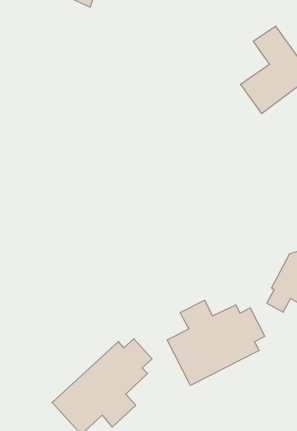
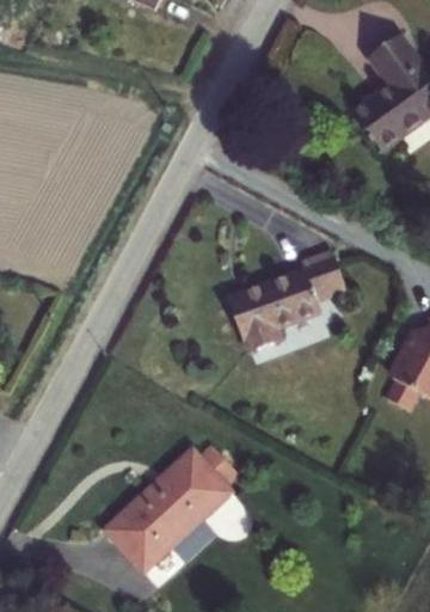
building: none -> [231,250,344,350]
building: [167,300,265,385] -> none

